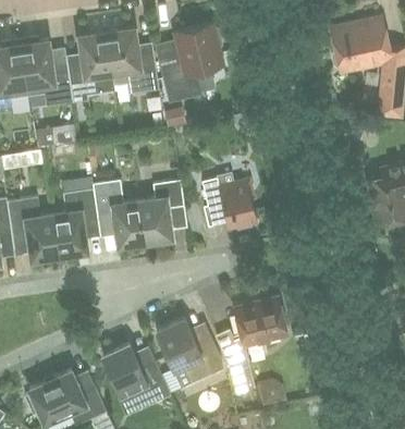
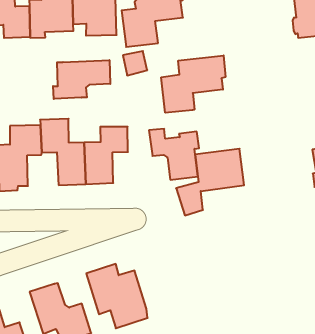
building: none -> [161,55,225,113]
building: none -> [53,60,110,99]
building: [220,297,287,370] -> [176,149,244,215]

